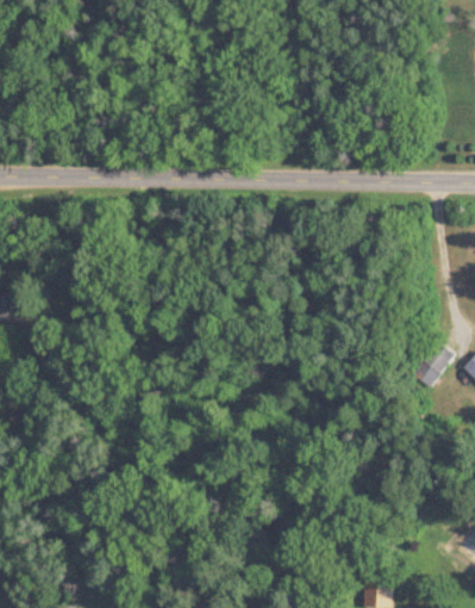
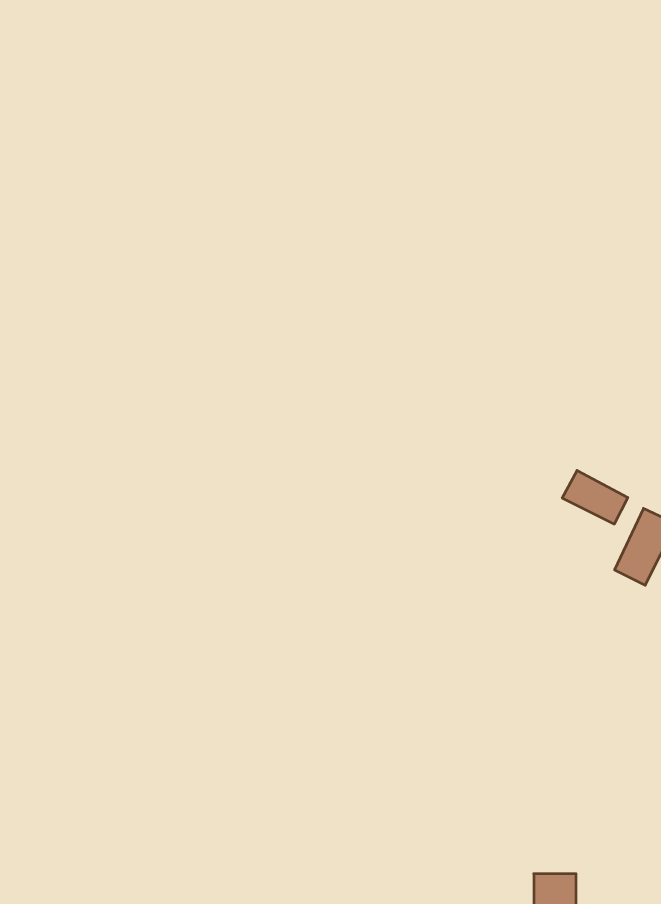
building: none -> [562,470,628,524]

